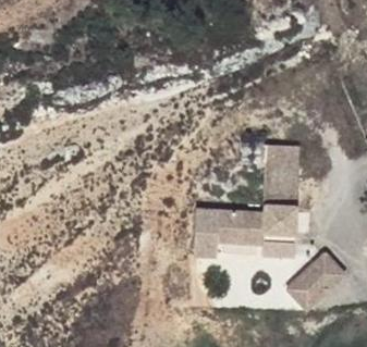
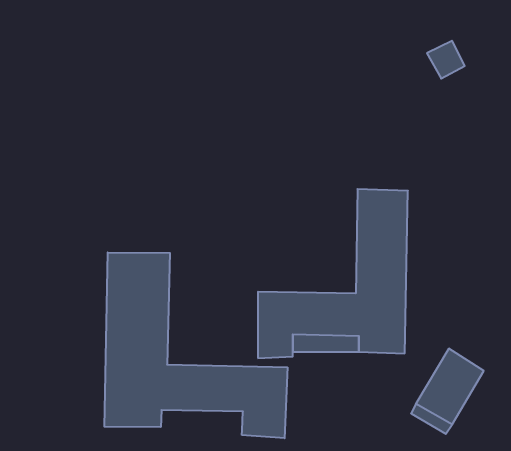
building: none -> [104,252,287,438]

